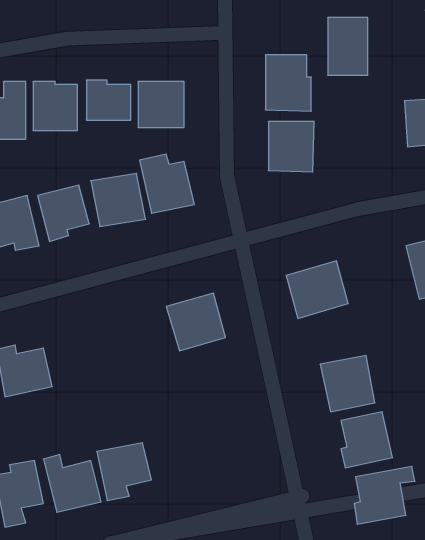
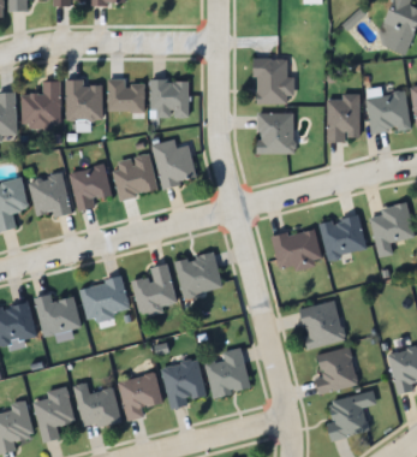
building: [328,18,368,75] -> [327,94,359,141]
building: none -> [320,214,367,259]
building: none -> [133,263,177,314]
building: none -> [81,278,130,321]
building: none -> [205,348,250,396]
building: none -> [162,360,205,406]

